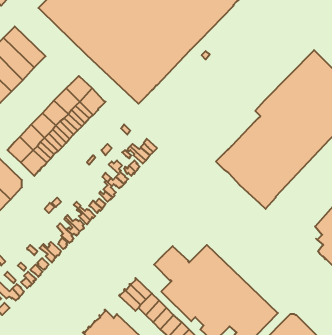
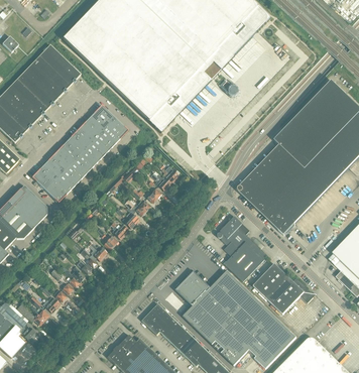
building: none -> [39,44,81,86]
building: none -> [217,216,268,281]
building: none -> [253,263,317,314]

